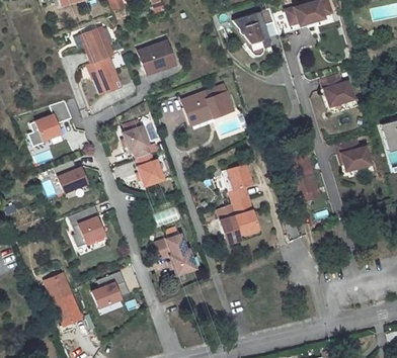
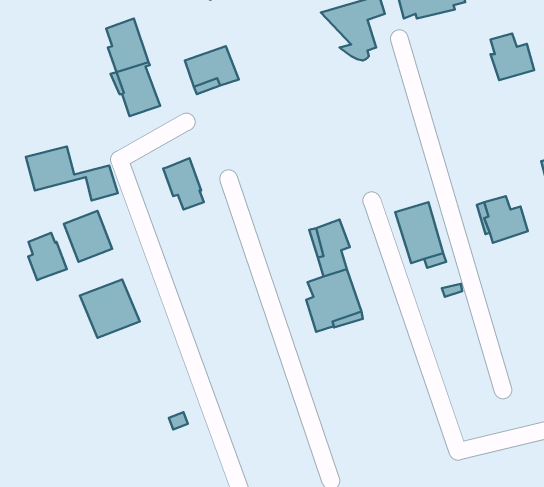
building: [325,74,355,106] -> [490,34,534,80]
building: [184,92,236,119] -> none
building: [137,153,164,185] -> none
building: none -> [28,233,67,280]
building: [155,233,197,274] -> none
building: [43,271,78,328] -> none
building: [90,281,123,309] -> none

